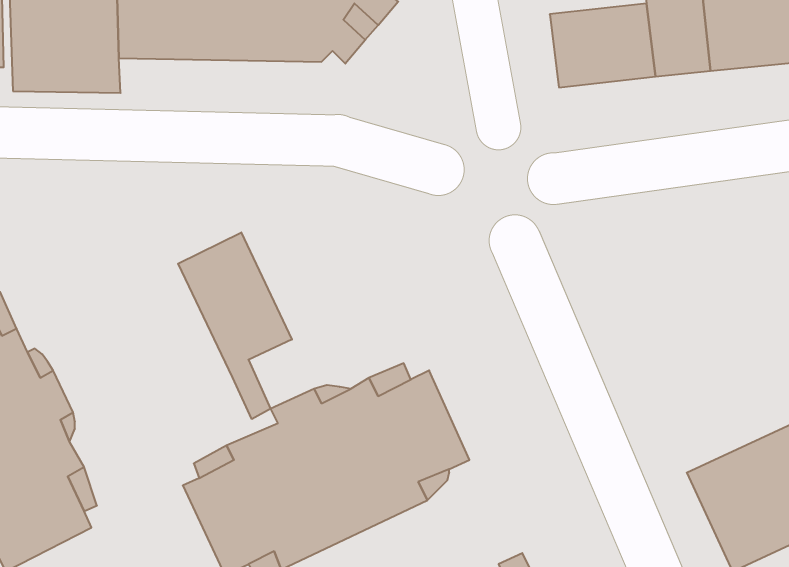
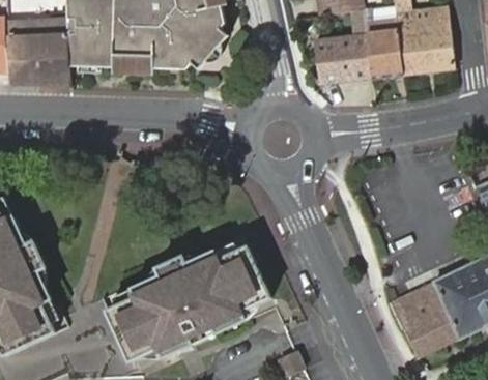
building: [178,232,292,419] -> none

